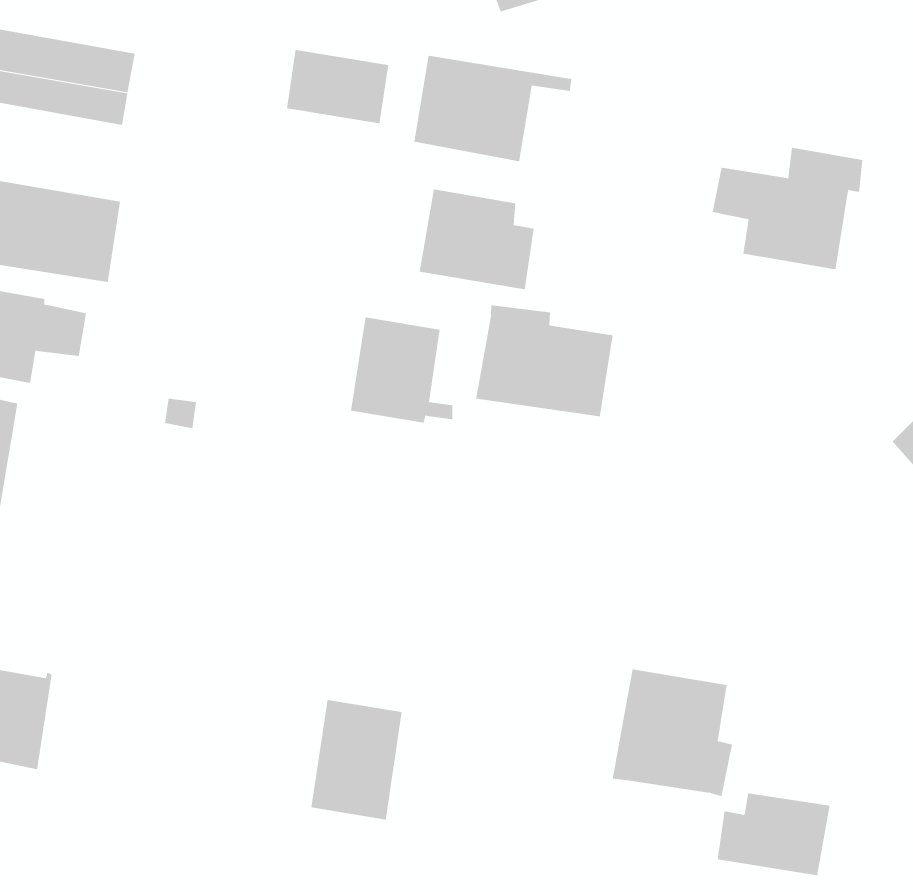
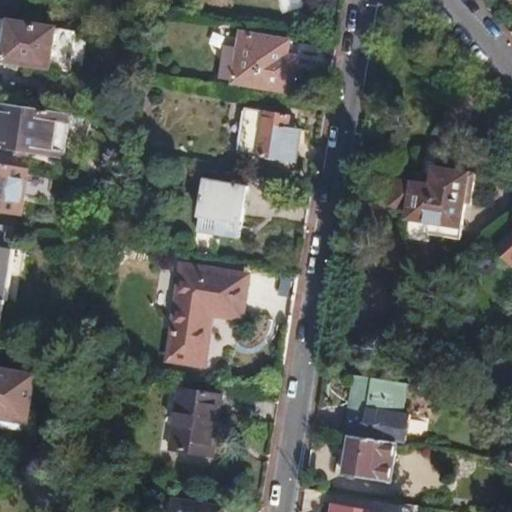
building: [286,49,389,124] -> none
building: [712,147,863,270] -> [387,166,471,234]
building: [475,304,613,417] -> none
building: none -> [168,264,246,361]
building: [717,793,830,876] -> [331,434,394,480]

